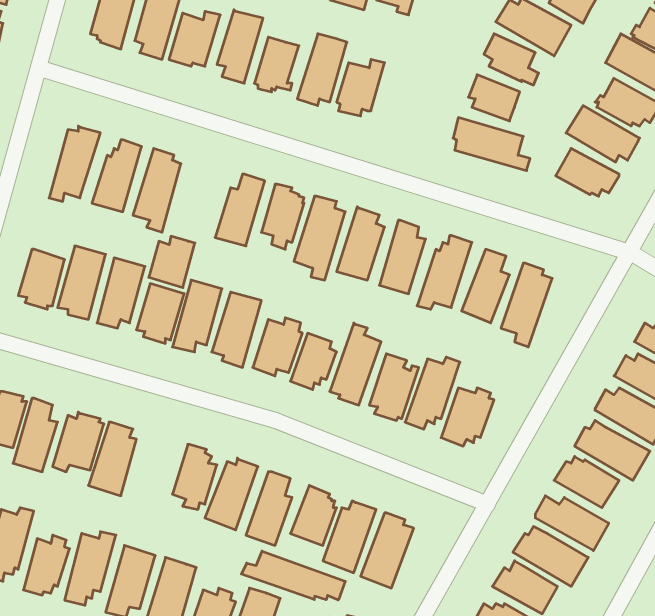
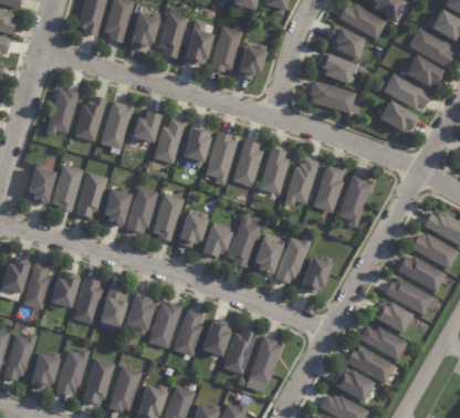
building: [149,236,195,288] -> [133,109,163,143]
building: none -> [100,285,128,332]
building: [241,551,345,600] -> none

